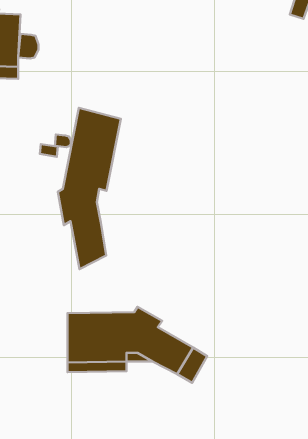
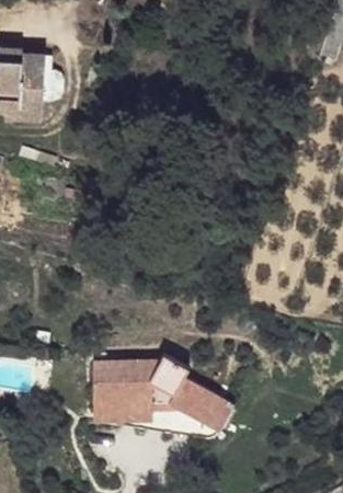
building: [58,108,121,269] -> none

